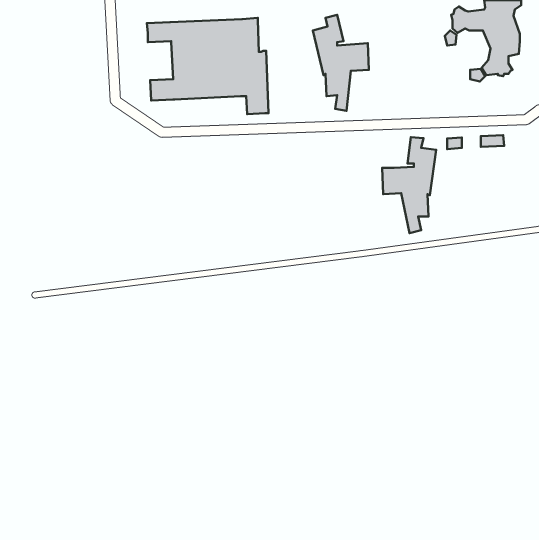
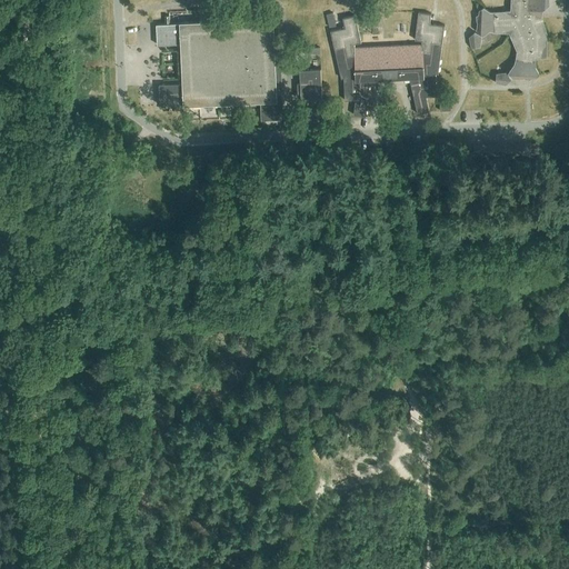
building: none -> [297,69,321,99]
building: [382,137,436,233] -> [387,13,443,114]

